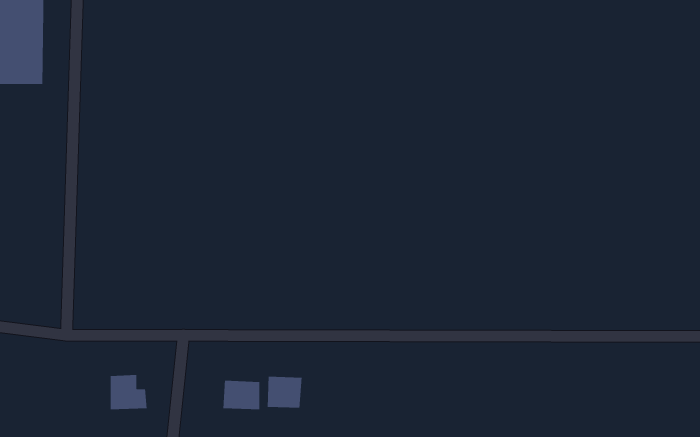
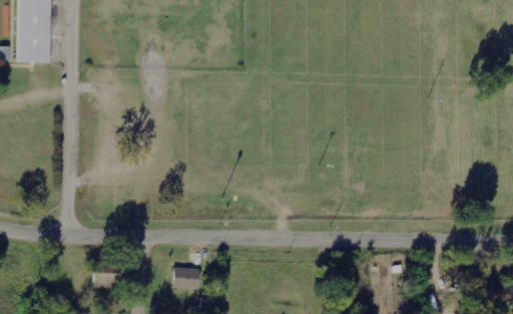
building: [267,376,303,409] -> none

